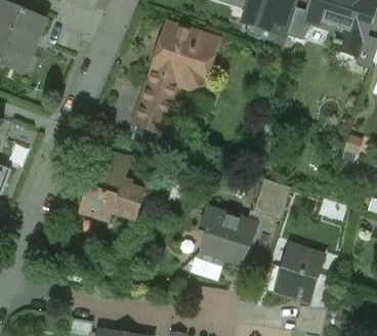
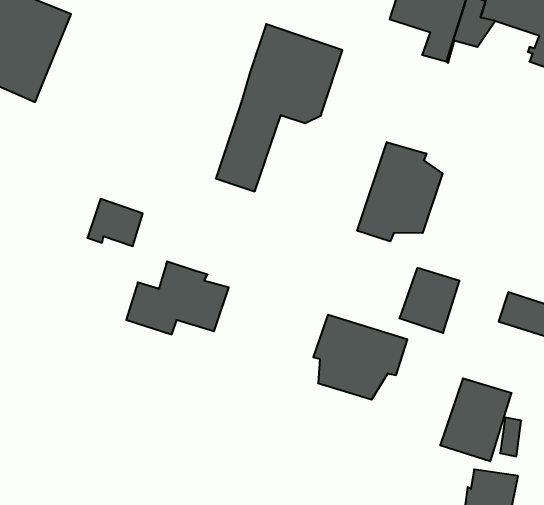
building: none -> [357,142,443,241]
building: [95,150,130,179] -> [87,199,143,246]

